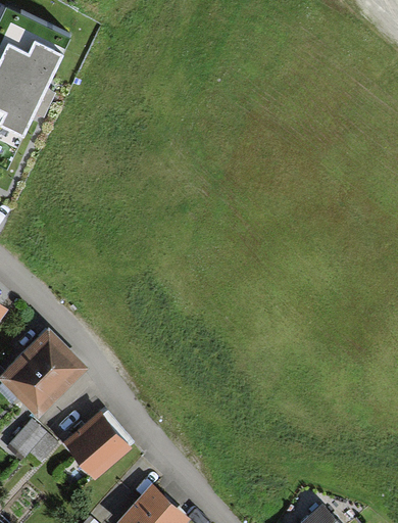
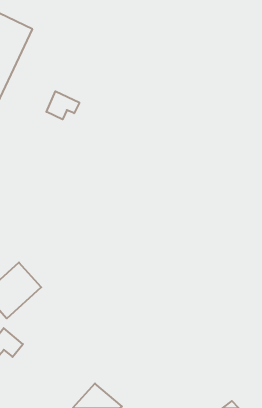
building: none -> [46,91,79,119]
building: [66,417,129,477] -> none

